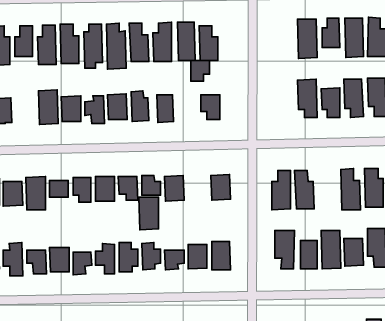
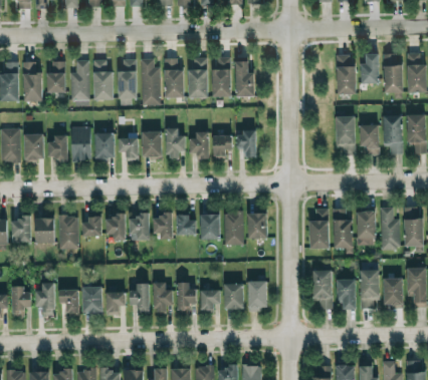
building: [191,61,209,81] -> [213,135,232,156]
building: none -> [50,134,67,162]
building: none -> [357,211,376,246]
building: [139,197,158,230] -> [223,212,243,245]

